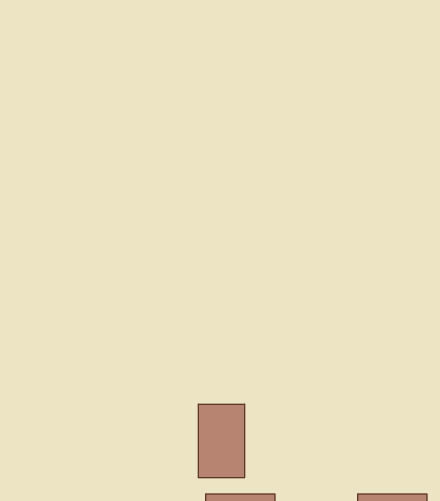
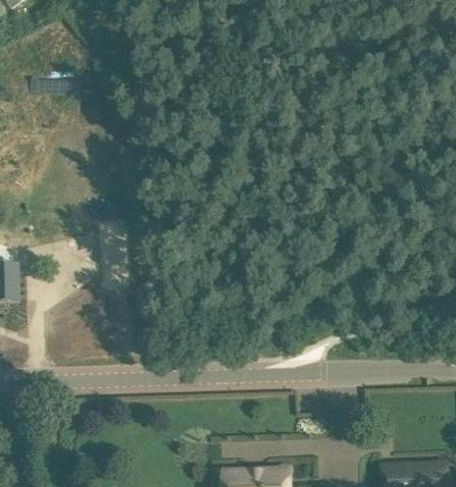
building: [198,404,245,478] -> none

